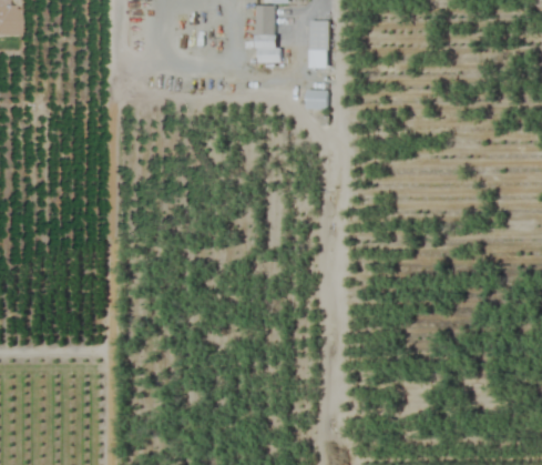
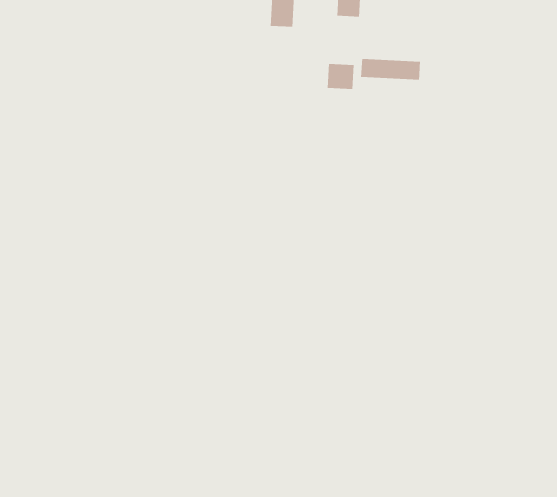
building: none -> [361,58,421,81]

